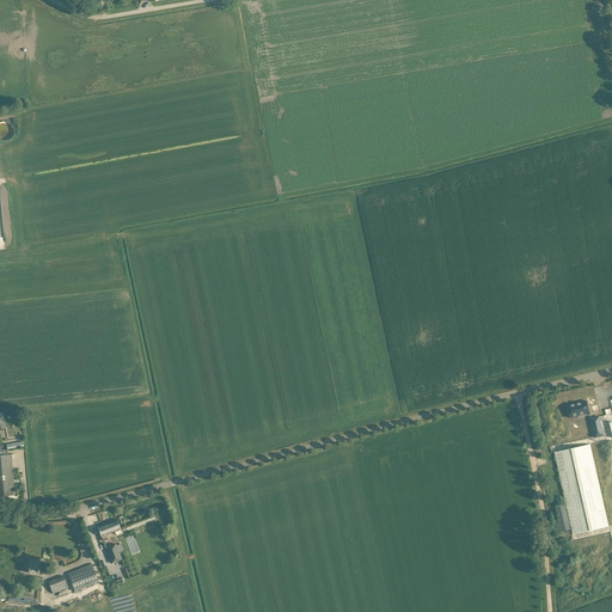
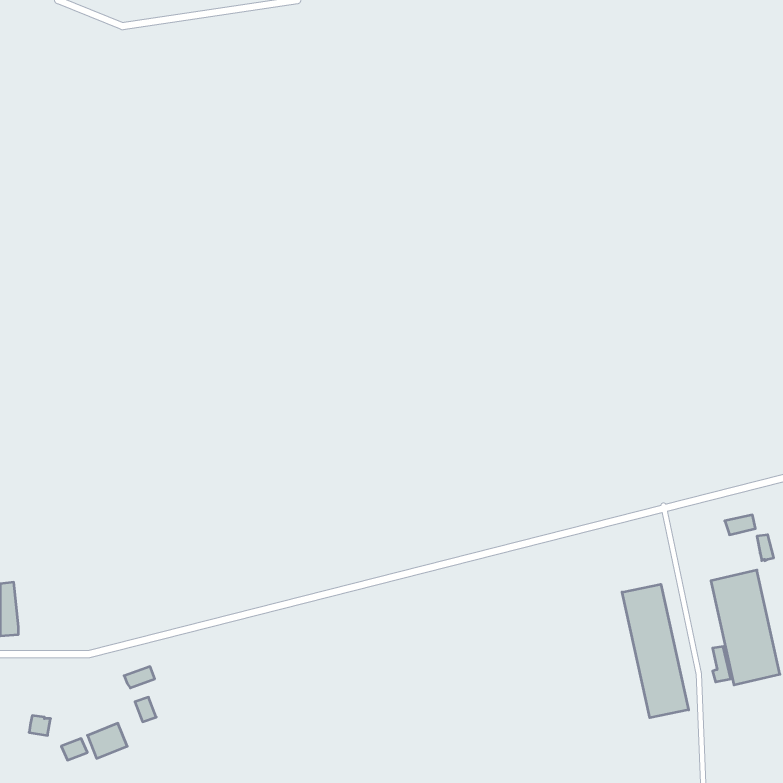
building: none -> [622,584,689,718]

